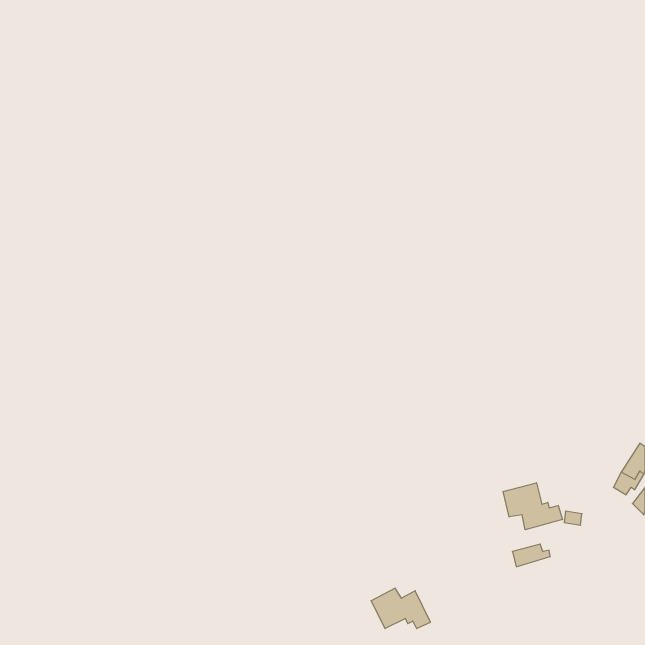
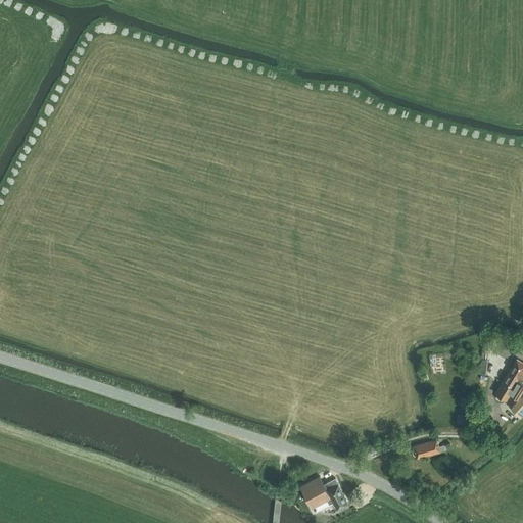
building: [503,483,562,530] -> none

